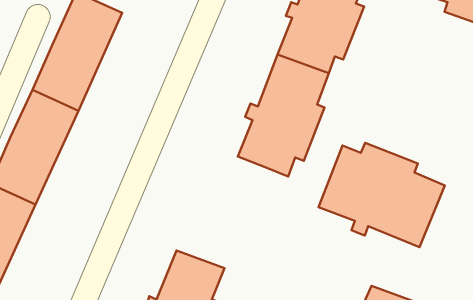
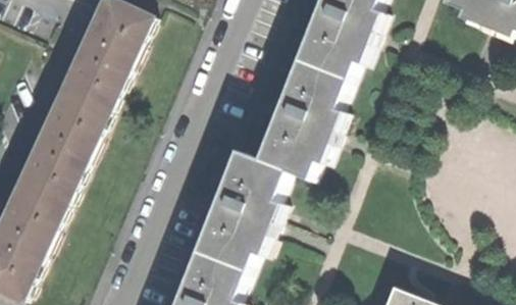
building: [318,143,445,247] -> none
building: none -> [198,151,285,268]

